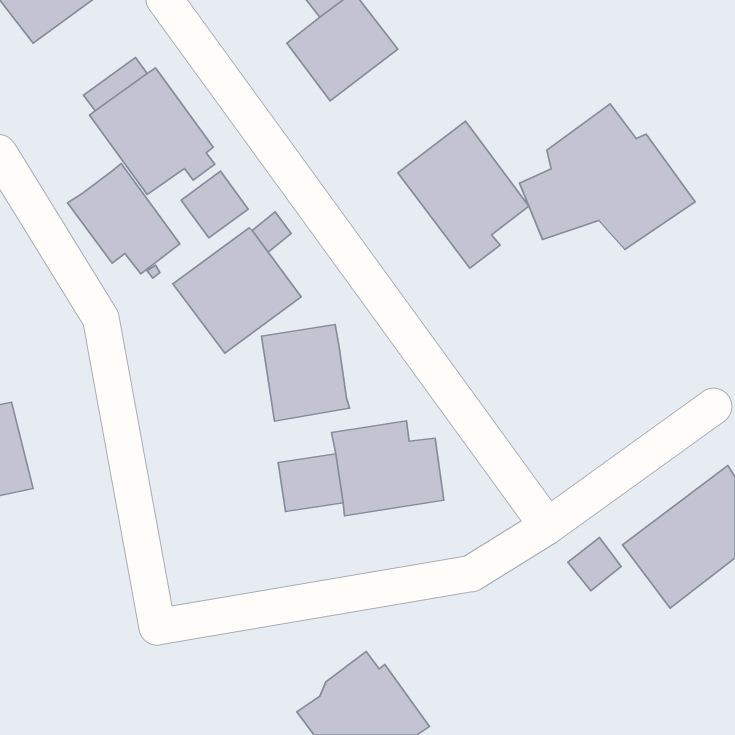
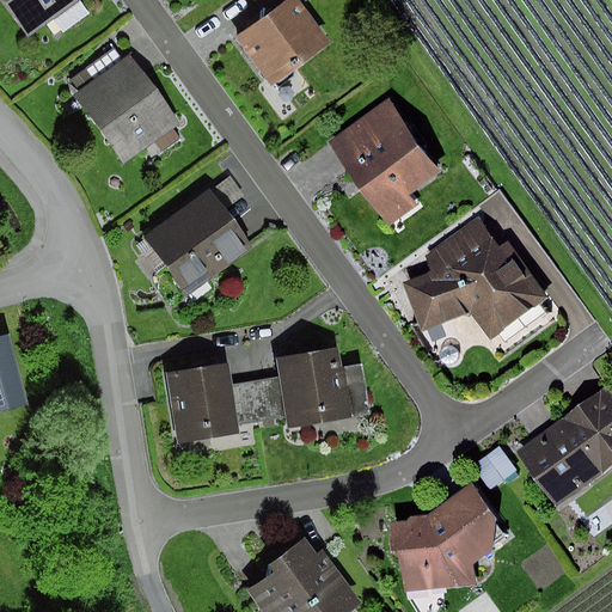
building: [520,104,695,249] -> [402,216,547,337]
building: [68,164,180,274] -> none
building: [181,171,248,238] -> none
building: [262,325,350,421] -> [166,363,239,443]
building: none -> [388,482,495,592]

